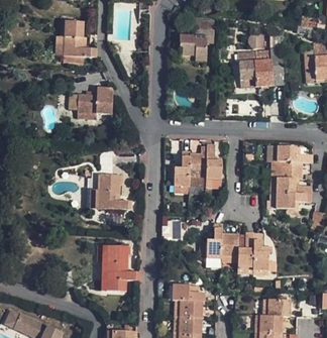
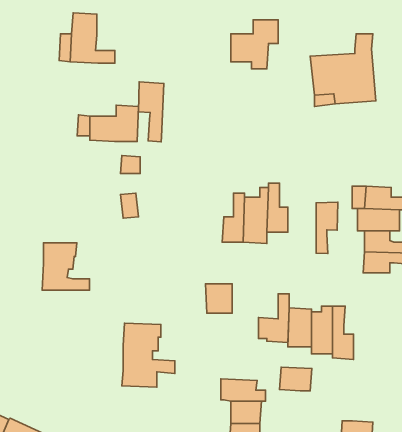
building: none -> [139,82,164,142]
building: none -> [316,202,338,253]
building: [97,175,131,209] -> [42,243,90,290]
building: [267,299,291,316] -> [280,367,312,391]

